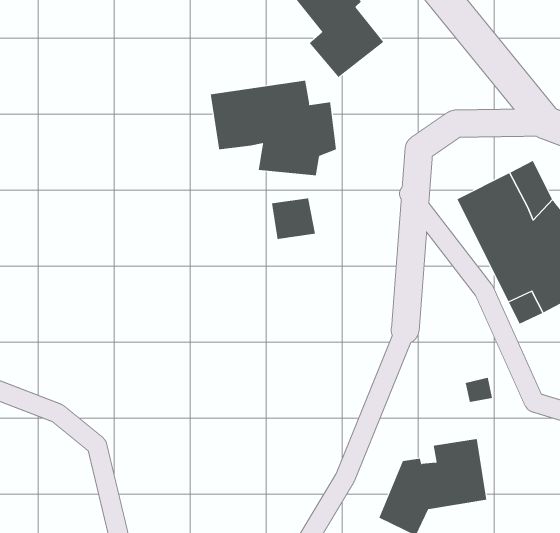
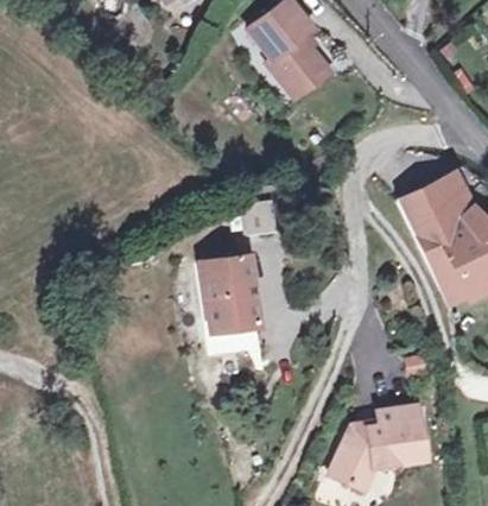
building: [210,80,336,176] -> none
building: none -> [202,258,258,330]

